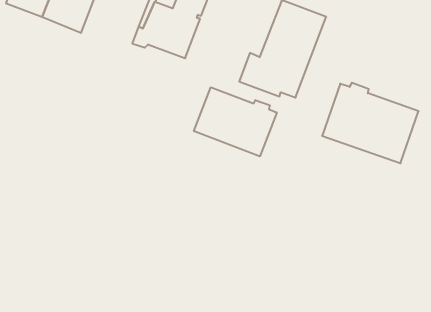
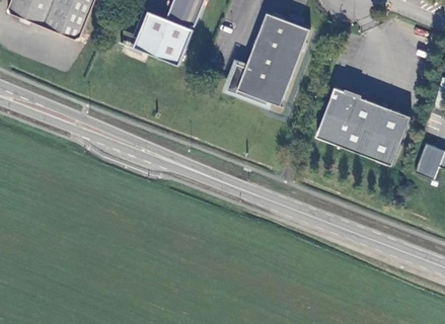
building: [194,87,277,156] -> none

